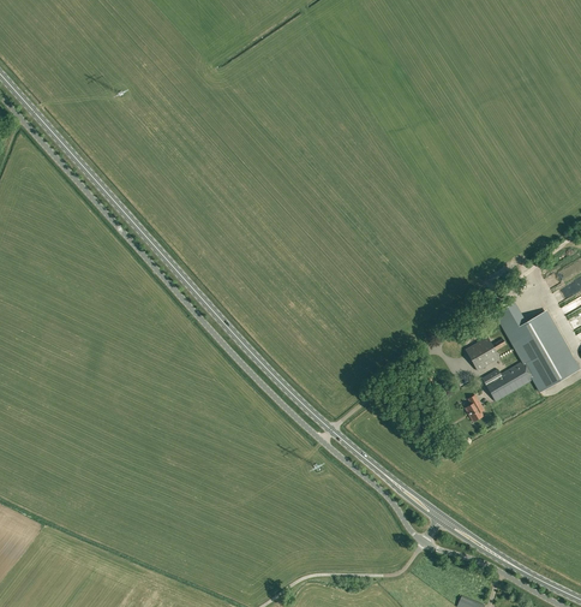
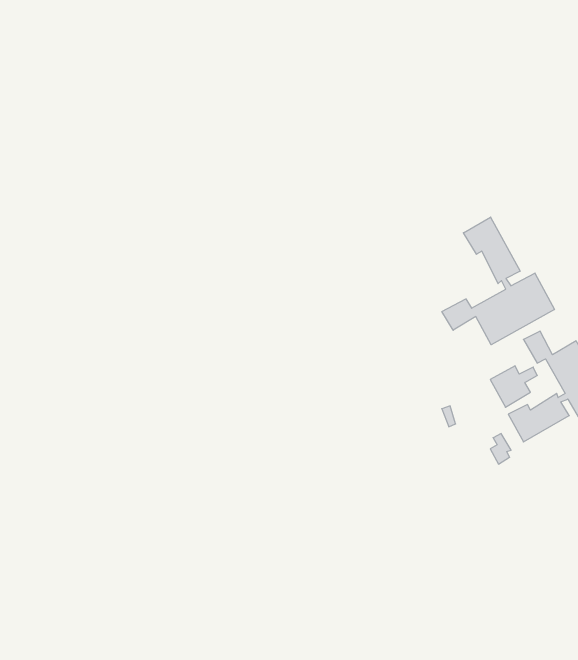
building: none -> [442,217,554,345]

